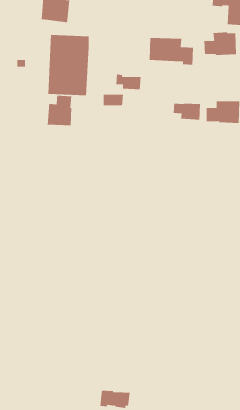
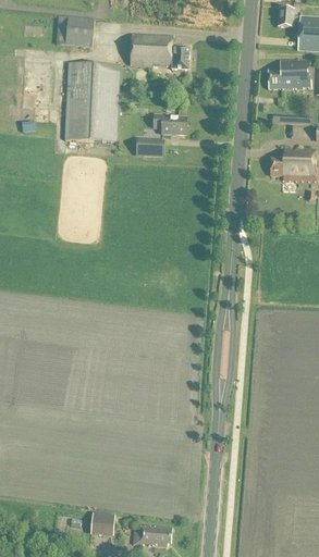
building: [149,38,194,65] -> [130,34,188,70]
building: [47,95,72,126] -> none
building: [173,103,201,120] -> none
building: none -> [89,511,114,536]

